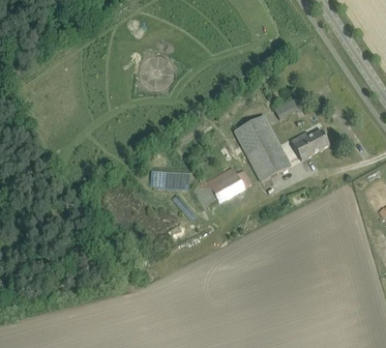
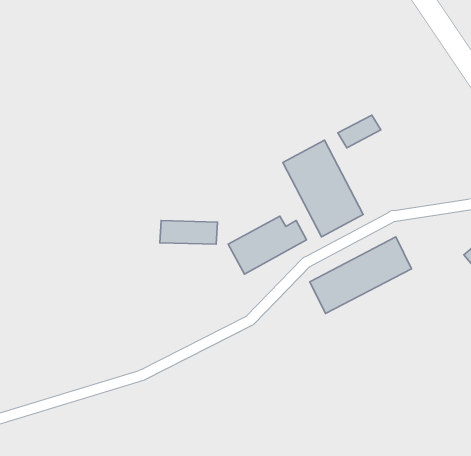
building: [291,129,329,160] -> none
building: none -> [310,237,412,314]

